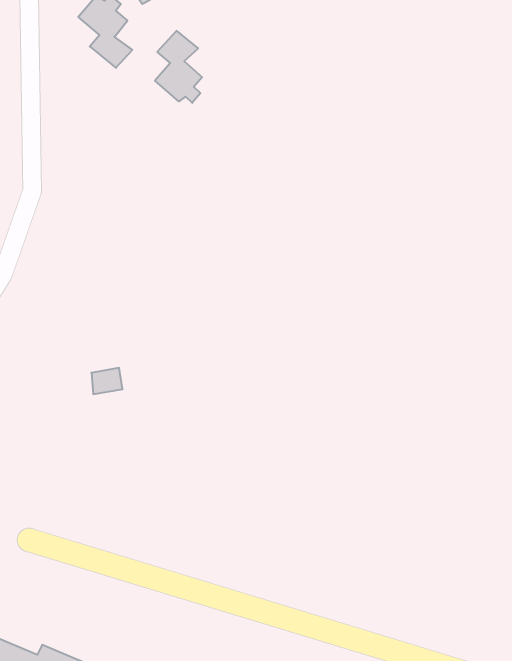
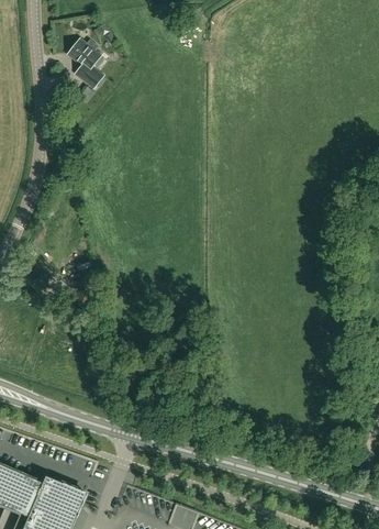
building: [155,31,202,103] -> none

